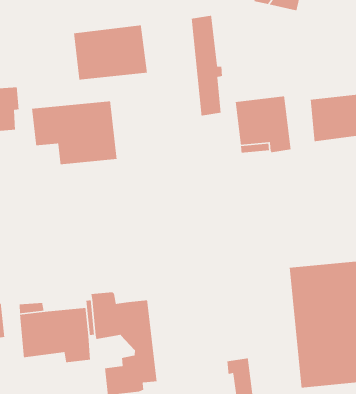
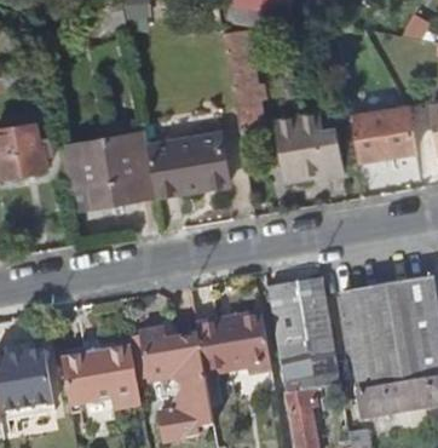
building: [73,25,148,80] -> [148,130,229,193]
building: none -> [270,278,338,391]
building: none -> [197,314,269,377]

